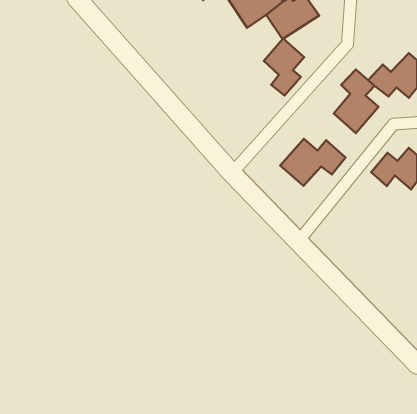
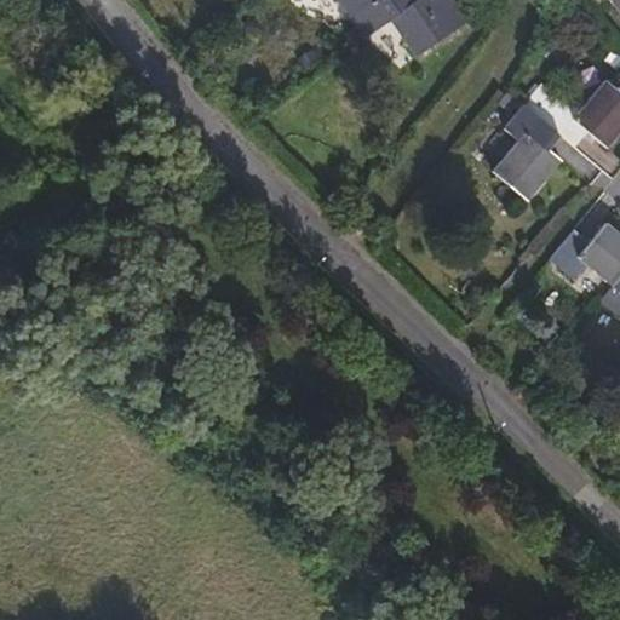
building: [264,39,304,96] -> none
building: [280,139,346,186] -> none

